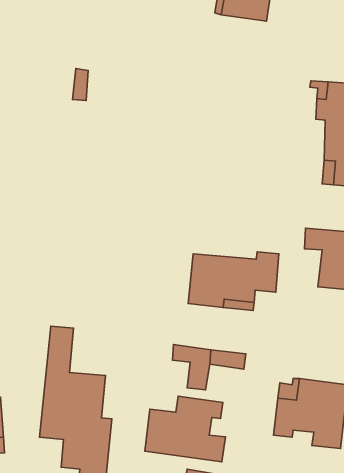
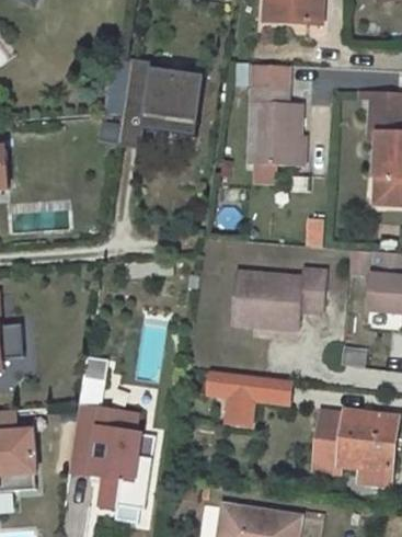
building: none -> [123,58,210,147]
building: none -> [242,65,295,169]
building: [145,396,225,462] -> none

